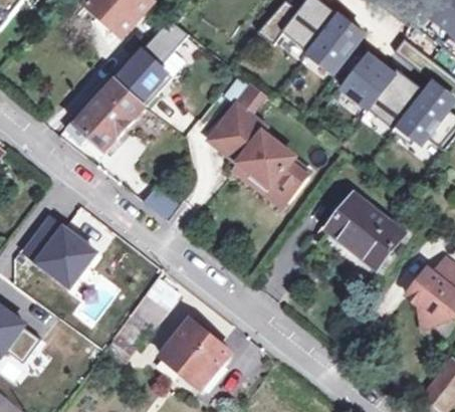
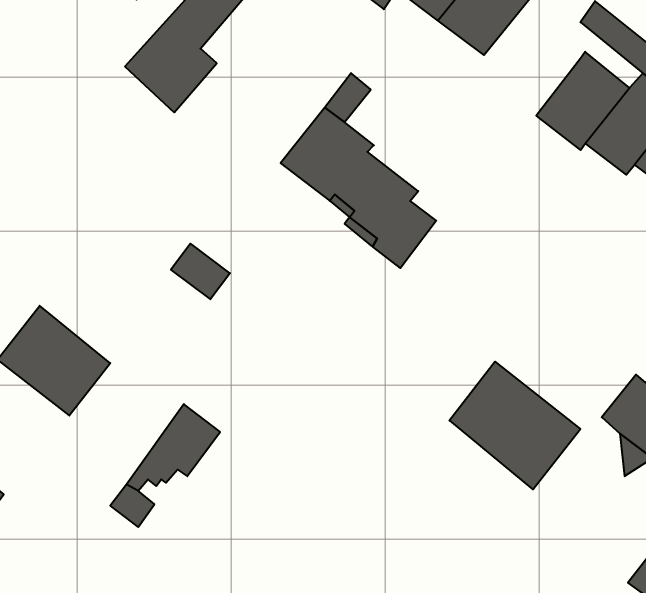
building: [331,44,393,109] -> none
building: [66,78,144,151] -> none
building: [324,191,405,269] -> [449,362,580,489]
building: [159,319,222,387] -> none

